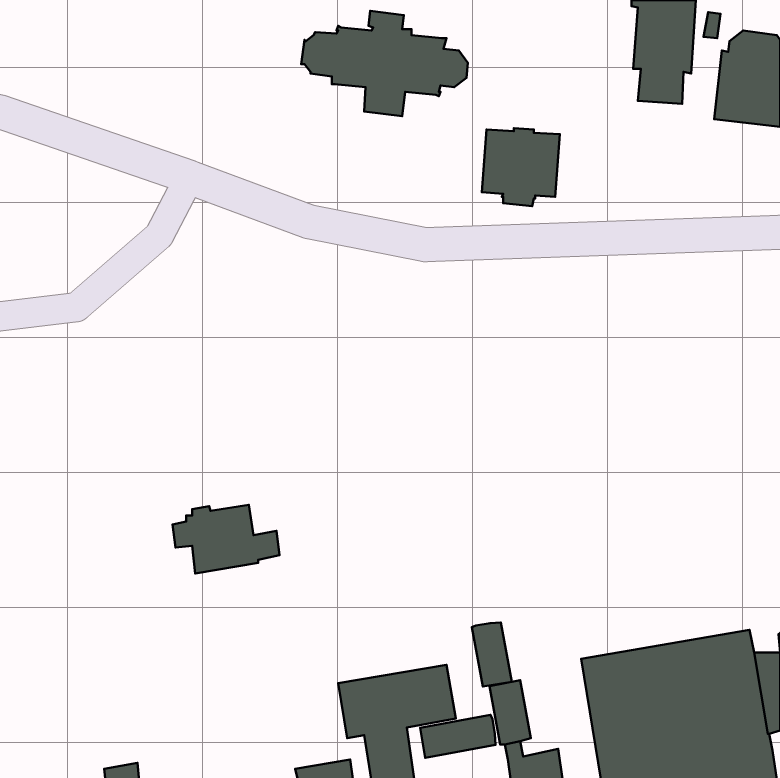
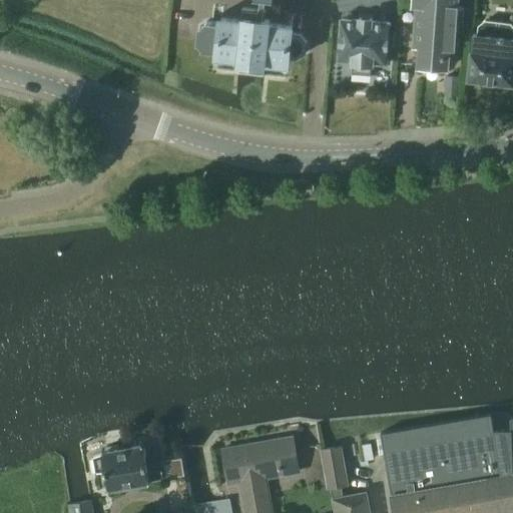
building: [482,128,560,206] -> [338,20,389,71]
building: [172,505,279,574] -> [93,446,163,491]
building: [472,622,512,687] -> none
building: [420,715,496,758] -> none

